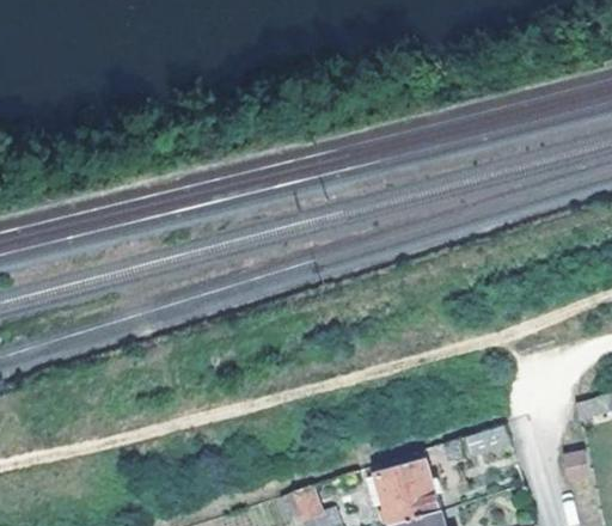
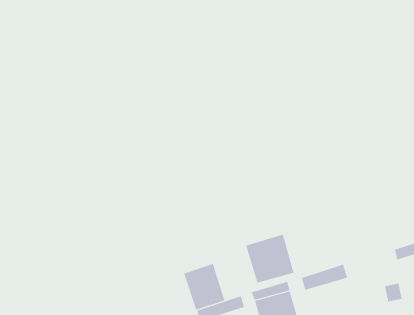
building: none -> [246,234,294,284]
building: none -> [183,263,225,310]

